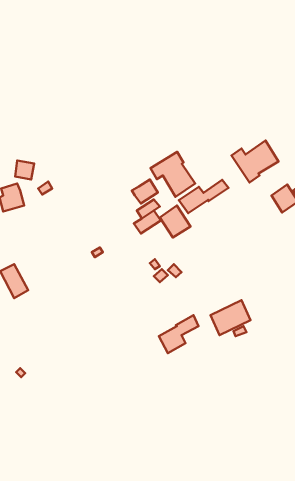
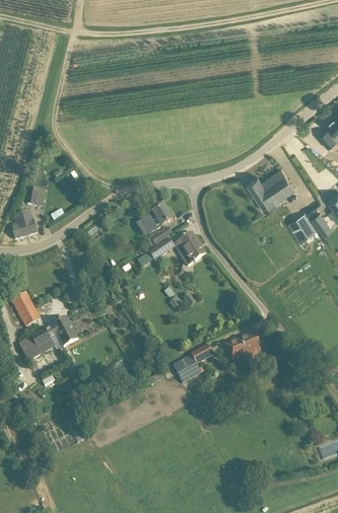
building: [151,152,195,197] -> none
building: [179,180,229,213] -> none
building: none -> [18,316,77,360]

